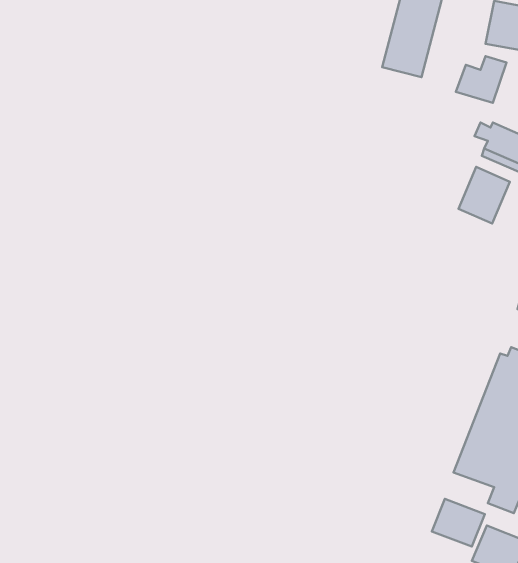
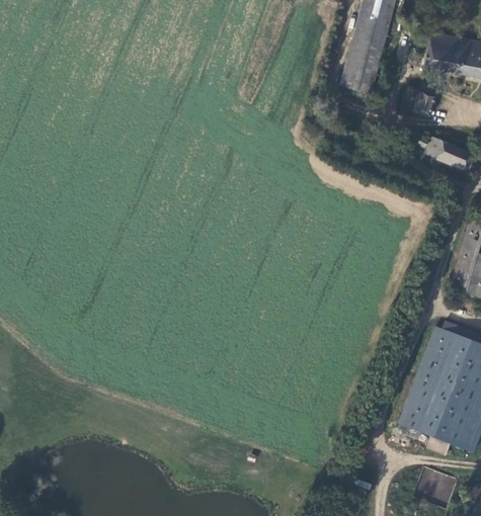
building: [458,167,510,224] -> none
building: [432,499,485,547] -> none

